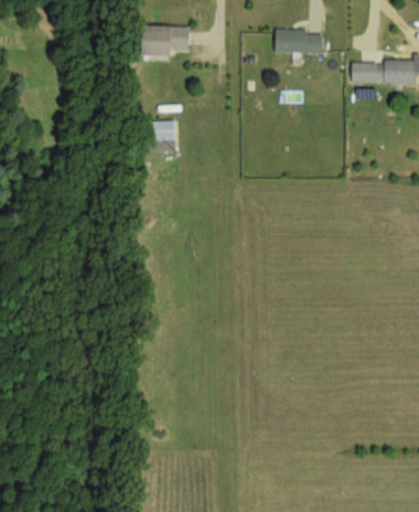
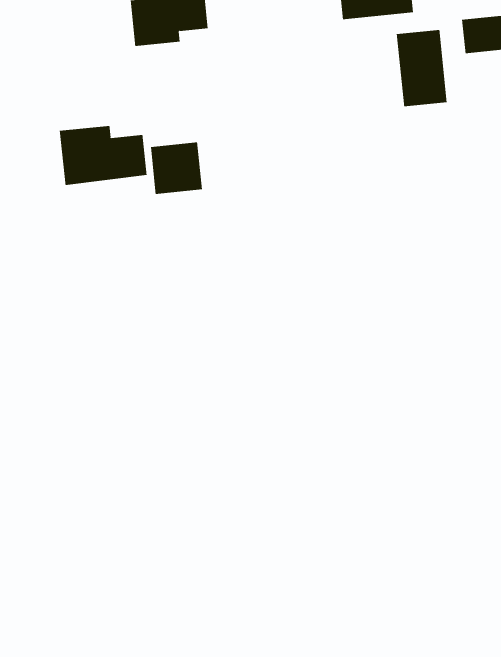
building: none -> [396,29,447,107]
building: none -> [59,125,147,186]

